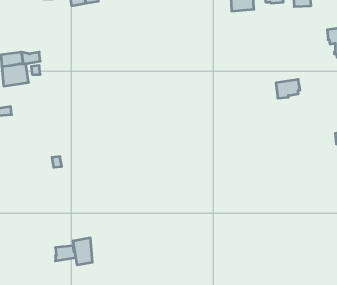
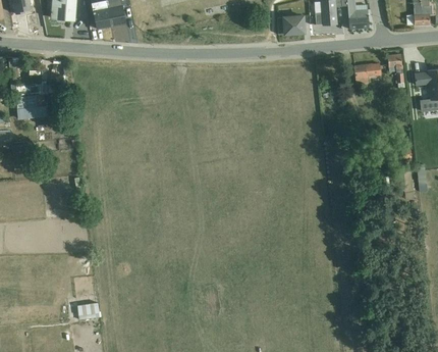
building: [276,79,300,98] -> [353,63,381,85]
building: [73,238,92,265] -> none

